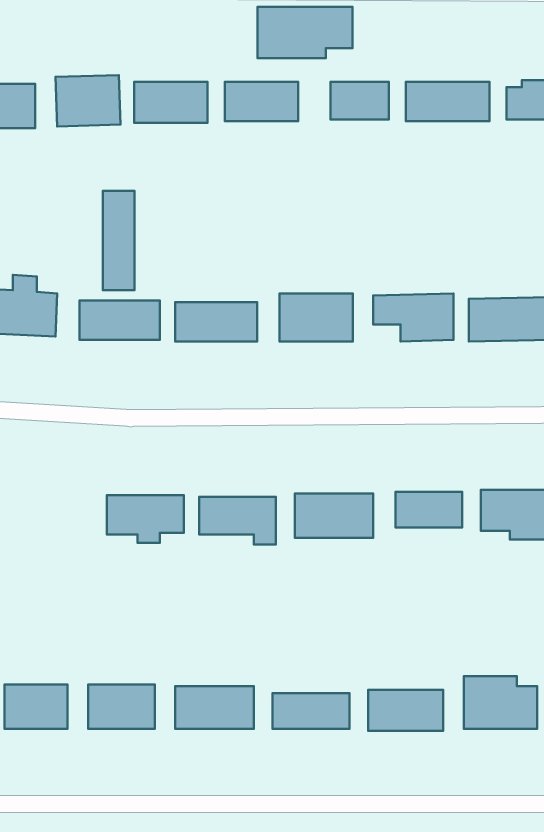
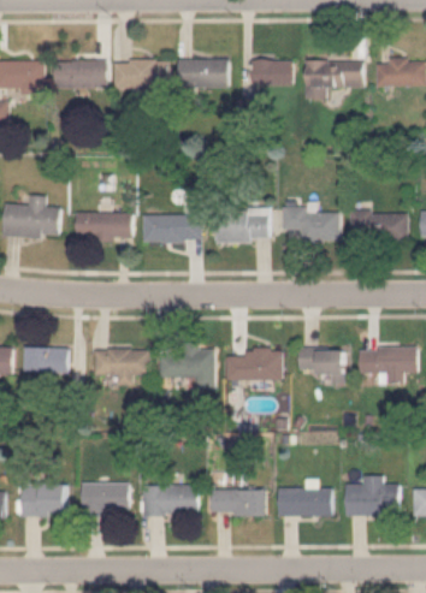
building: [257,7,353,58] -> none
building: [103,191,135,290] -> none
building: none -> [24,348,66,373]

